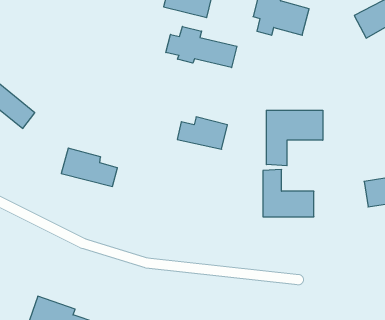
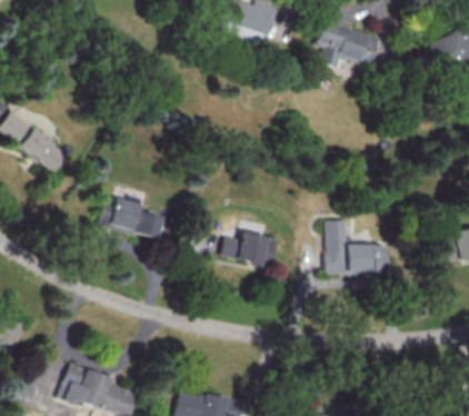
building: [166,26,237,68] -> none
building: [266,110,323,166] -> none
building: [177,117,227,149] -> [222,230,279,267]

